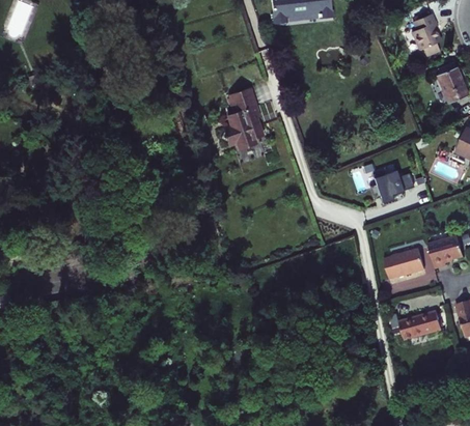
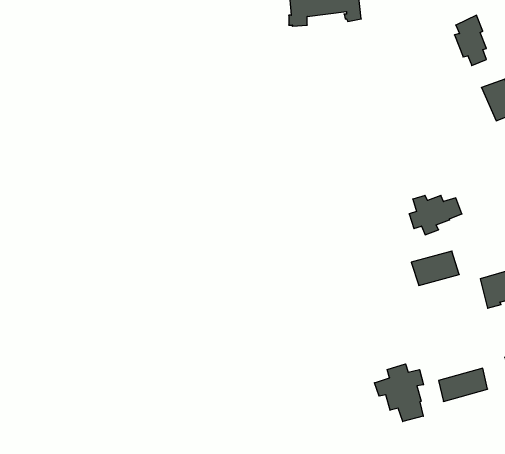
building: [220,85,264,146] -> none
building: [389,246,430,275] -> [411,251,459,285]
building: none -> [374,364,424,422]

